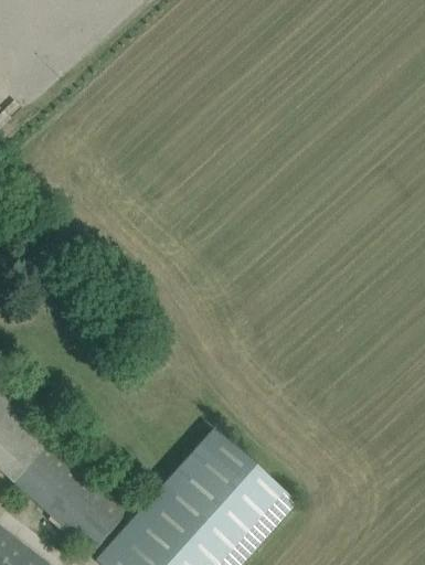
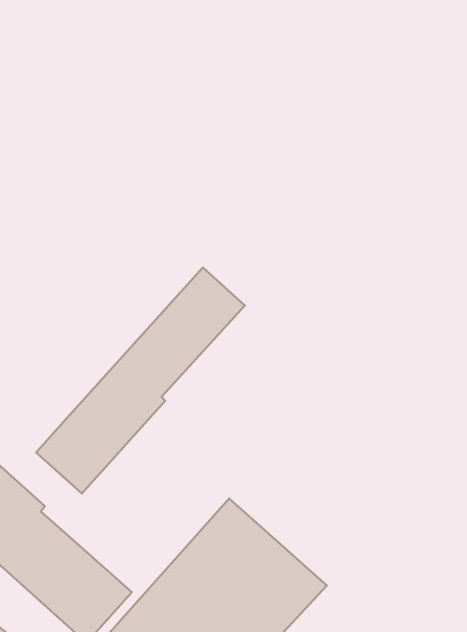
building: none -> [36,268,245,493]

